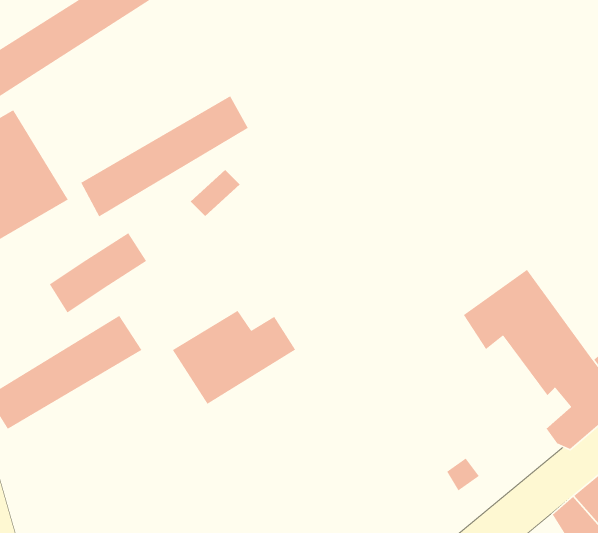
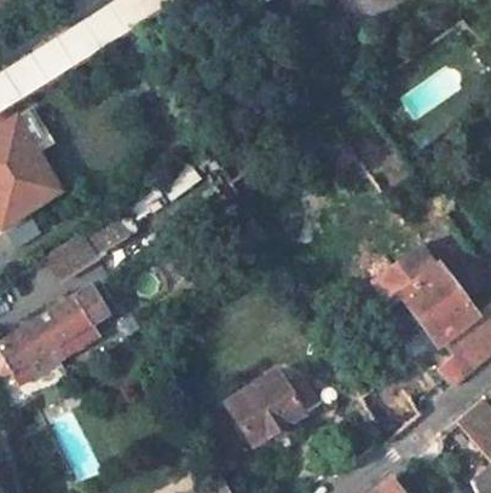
building: [80,95,249,217] -> none
building: [172,310,296,405] -> [225,370,323,445]

